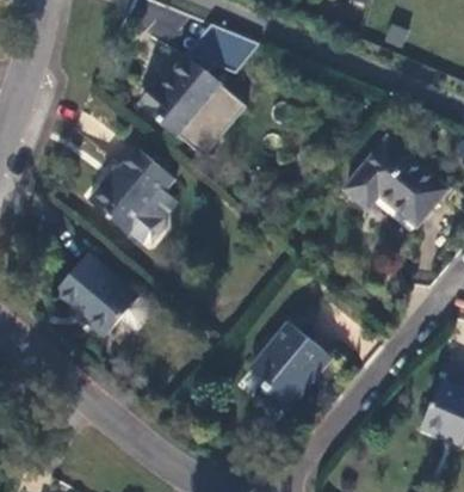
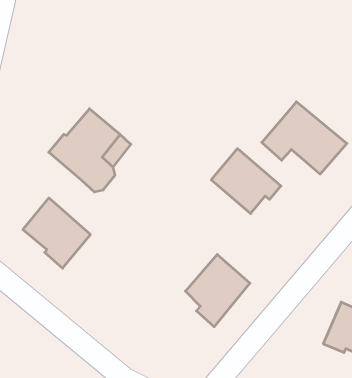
building: [140,25,258,156] -> none
building: none -> [211,149,281,214]

